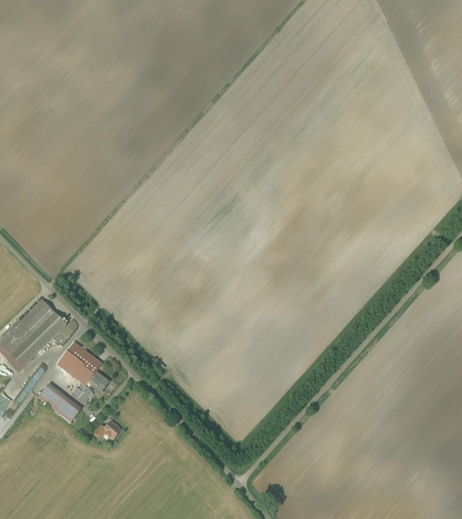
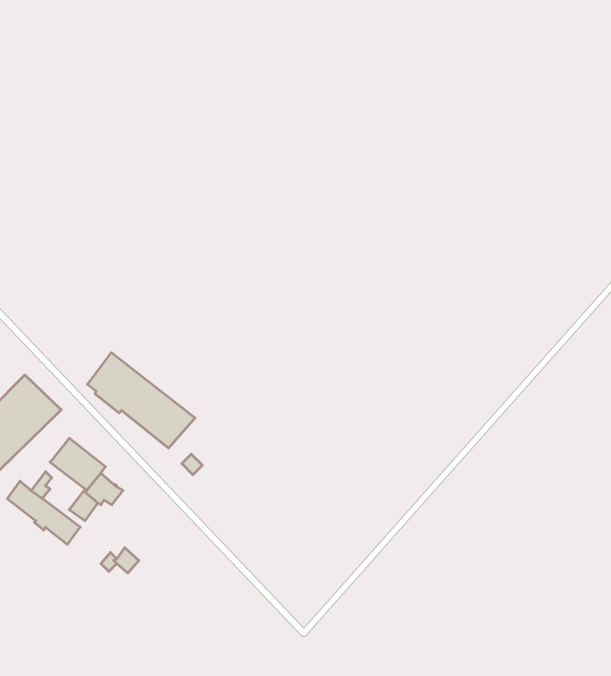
building: none -> [87,353,195,448]

